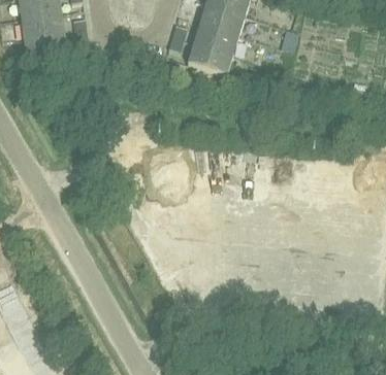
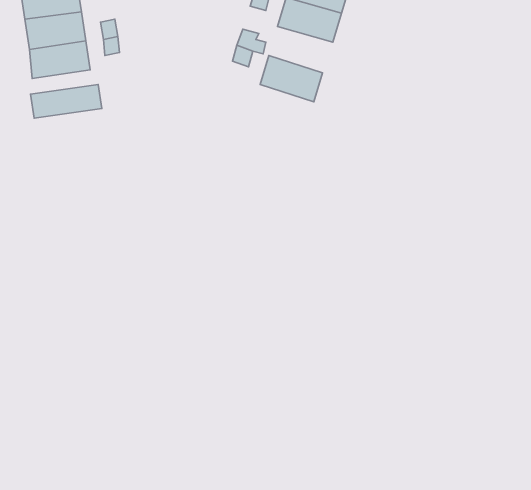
building: [194,22,239,55] -> none
building: none -> [30,85,102,118]

